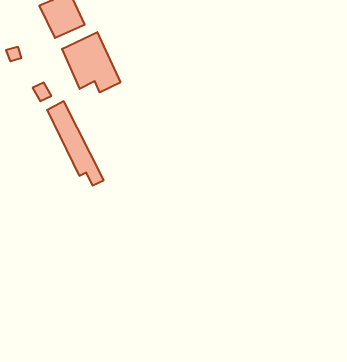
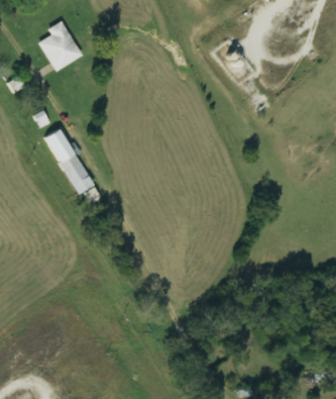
building: [62,32,120,92] -> none

